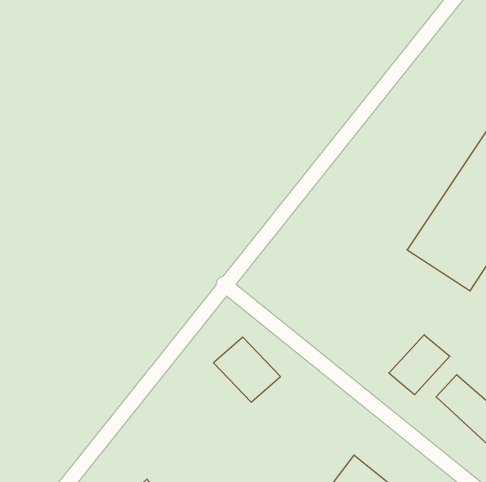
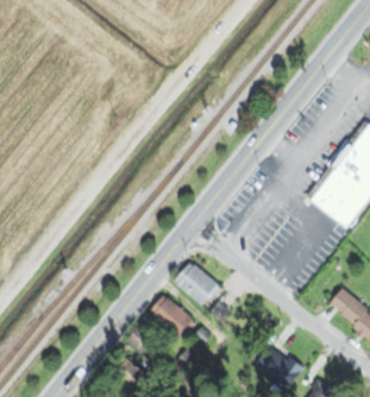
building: [389,335,450,395] -> none
building: none -> [153,298,196,340]

